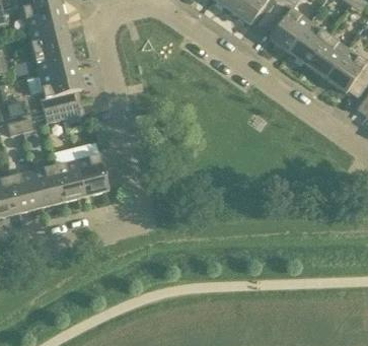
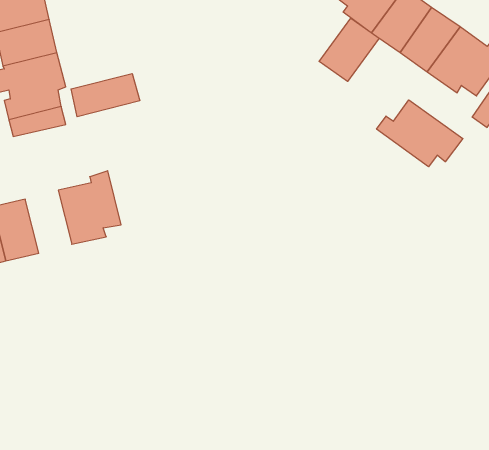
building: none -> [319,18,379,81]
building: none -> [71,74,140,117]
building: none -> [377,100,463,167]
building: [54,158,85,201] -> none

